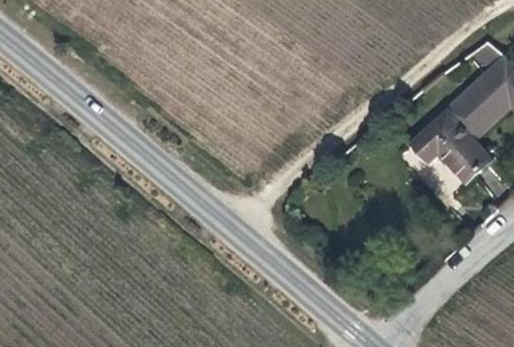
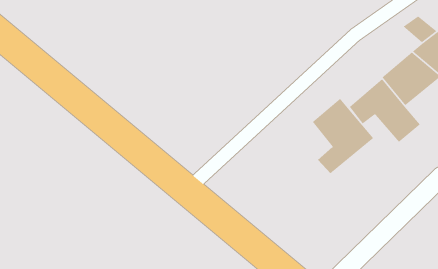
building: none -> [312,98,374,174]

